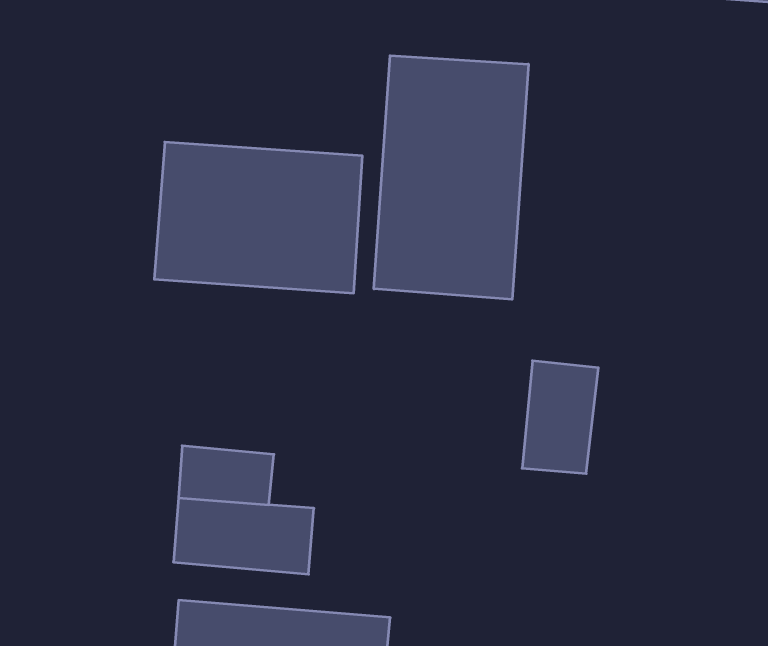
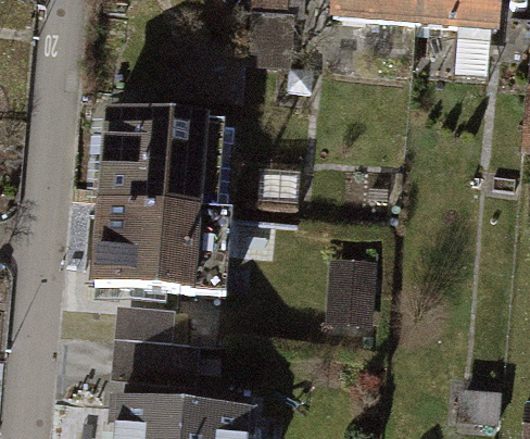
building: [374,56,528,299] -> none
building: none -> [94,201,231,289]

